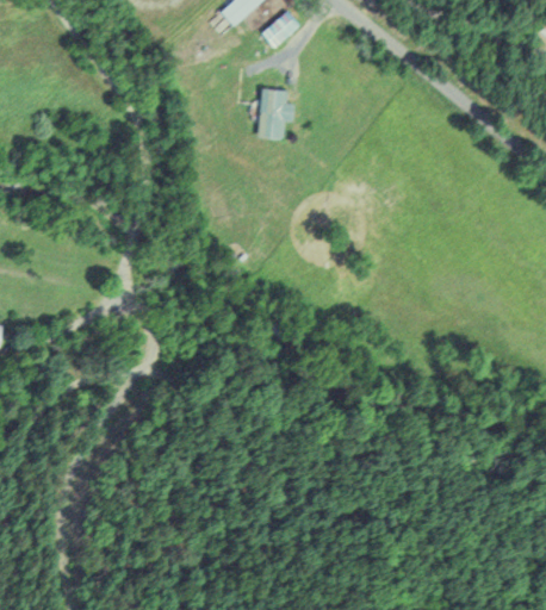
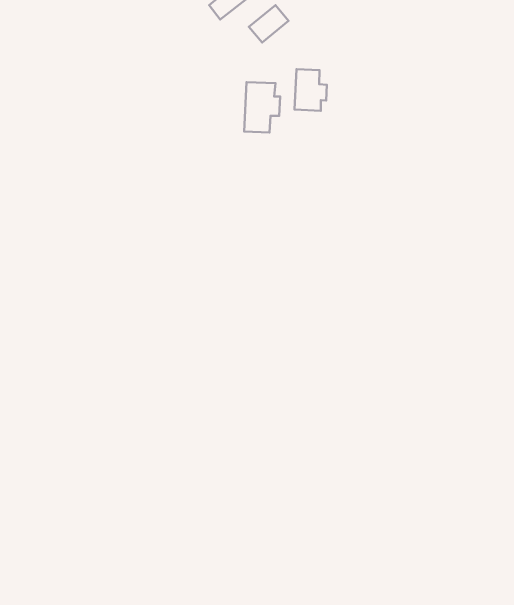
building: none -> [295,69,327,111]

